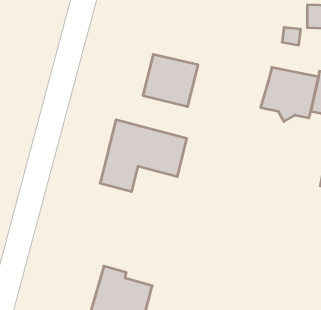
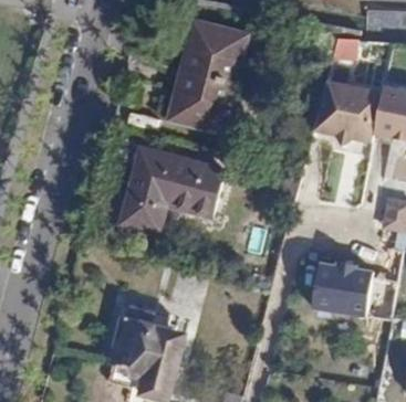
building: none -> [185,18,252,81]
building: none -> [309,276,369,329]

